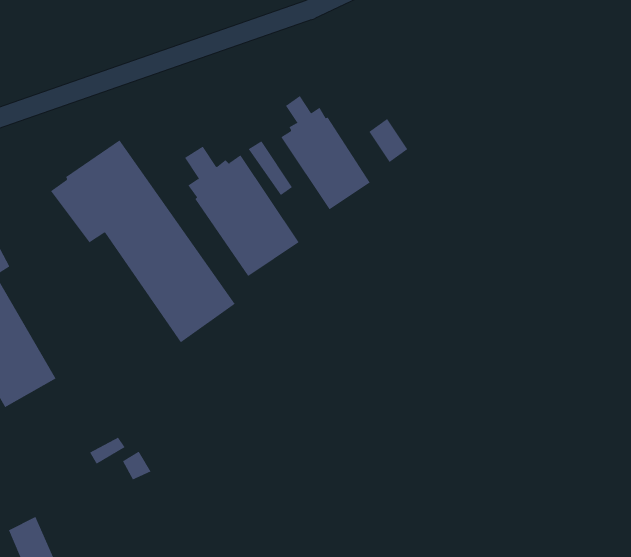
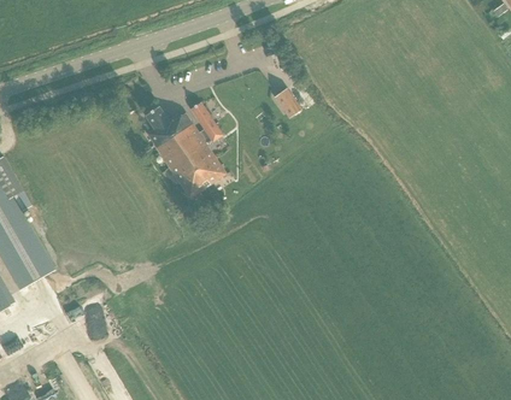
building: [280,95,370,210] -> none
building: [50,139,236,343] -> none

